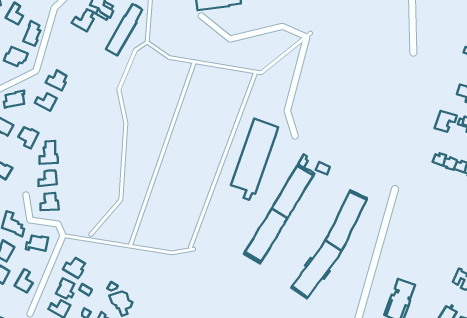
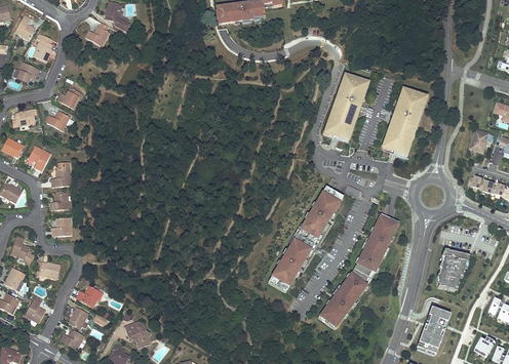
building: [106,4,142,56] -> none
building: none -> [381,85,429,157]
building: [231,119,278,200] -> [322,63,373,149]
building: none -> [436,248,469,290]

